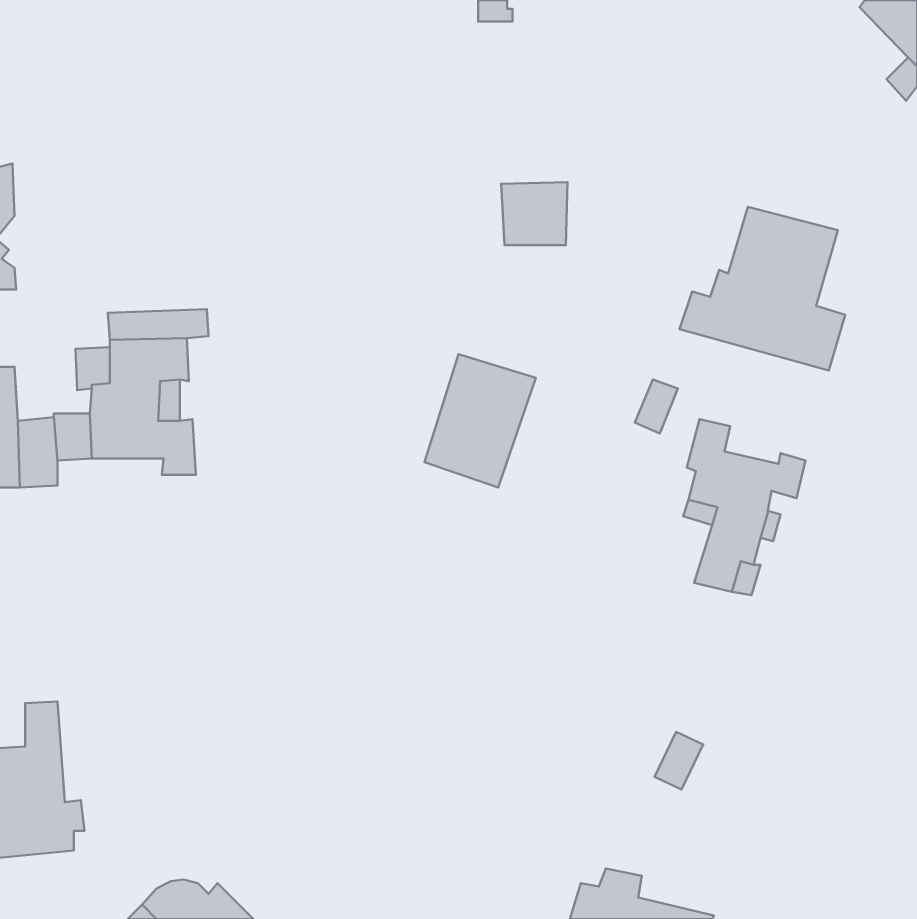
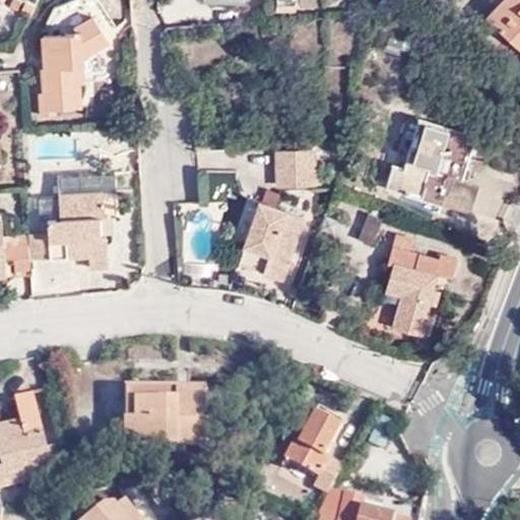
building: none -> [41,11,109,114]
building: [501,182,568,245] -> [274,147,312,183]
building: none -> [116,385,209,440]
building: none -> [278,411,340,494]

